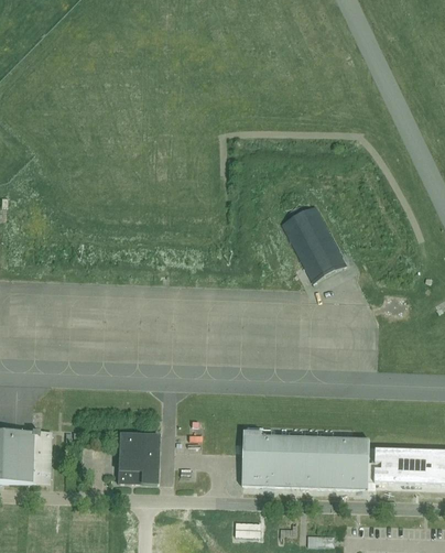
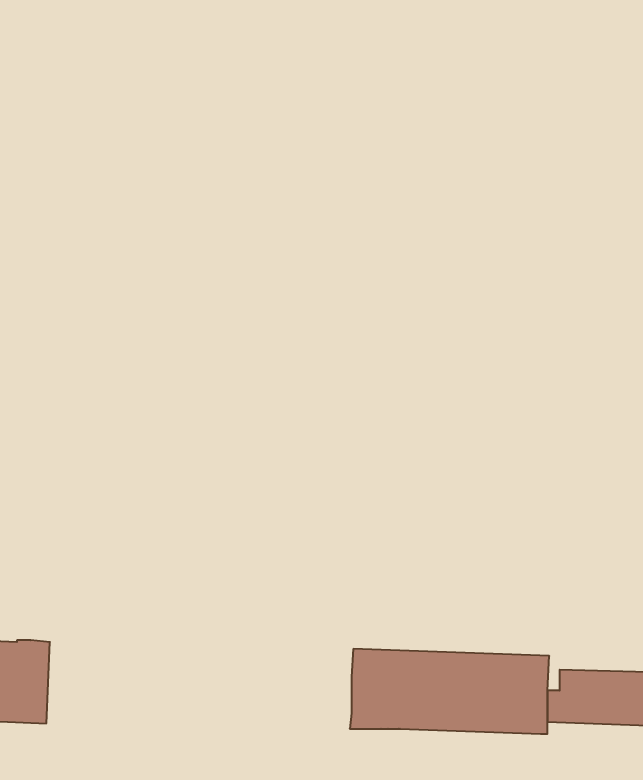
building: [281,204,347,283] -> none
building: [118,433,159,482] -> none

